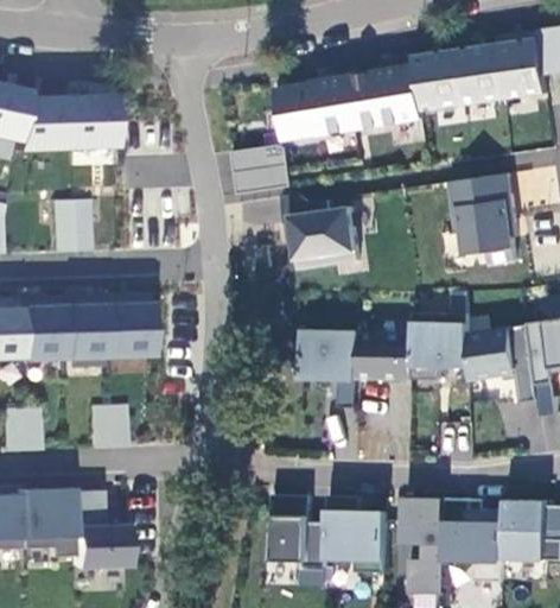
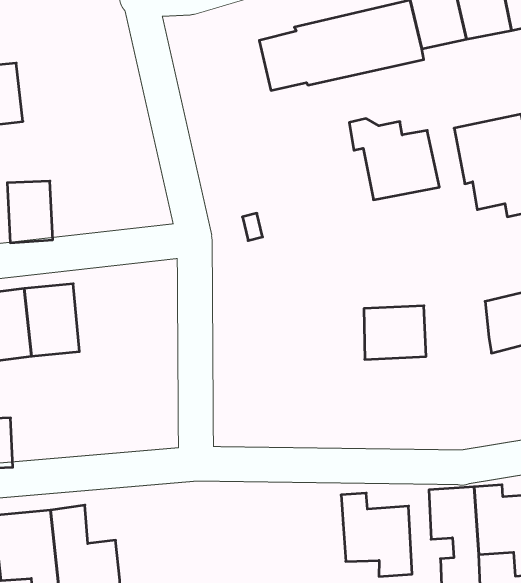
building: [65,94,112,147] -> none
building: [234,144,293,192] -> none
building: [285,194,361,266] -> [349,119,439,200]
building: [102,293,147,355] -> none
building: [411,315,467,381] -> none
building: [298,334,358,380] -> none
building: [87,405,126,449] -> none
building: [271,498,326,569] -> none

